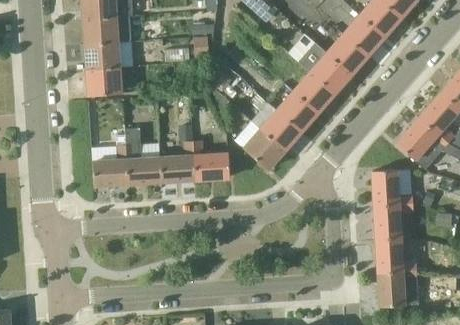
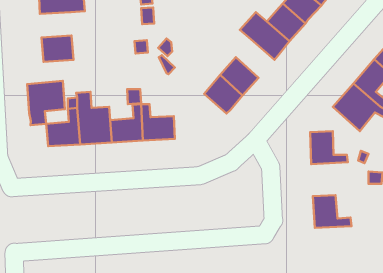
building: [85,43,119,70] -> none
building: [294,72,335,113] -> none
building: none -> [27,81,65,125]
building: [244,130,284,170] -> none
building: [374,203,413,239] -> none
building: [378,271,419,307] -> none

